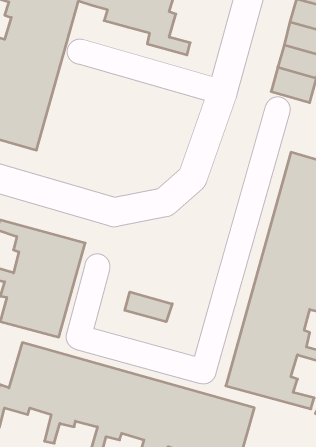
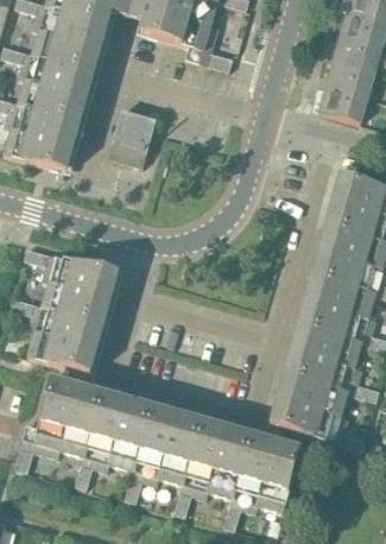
building: none -> [109,108,157,165]
building: [125,292,172,322] -> none

